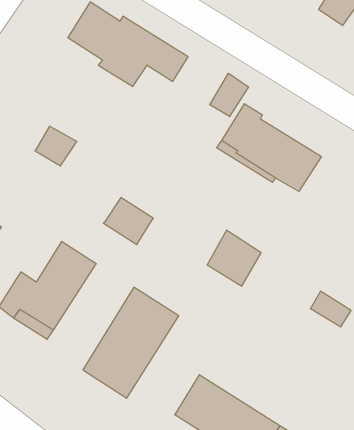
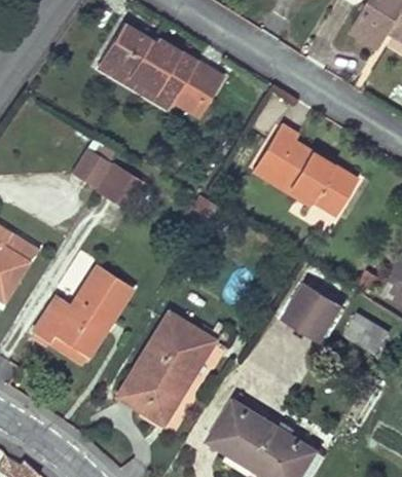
building: [210,73,248,117] -> none
building: [103,198,153,245] -> [94,164,144,212]
building: [207,230,261,286] -> [286,283,340,339]

